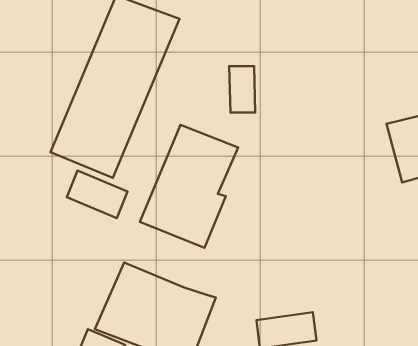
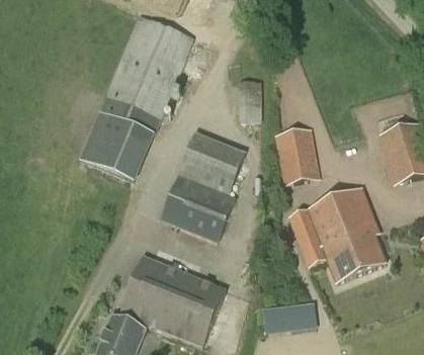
building: none -> [275,127,318,182]
building: [67,170,128,218] -> none
building: none -> [288,186,386,281]

